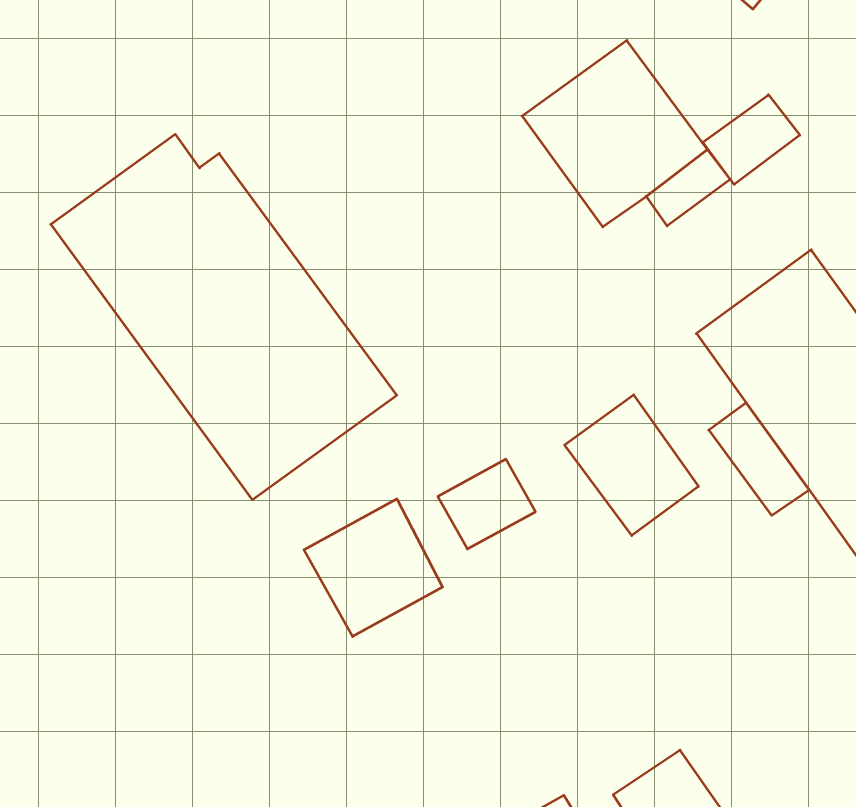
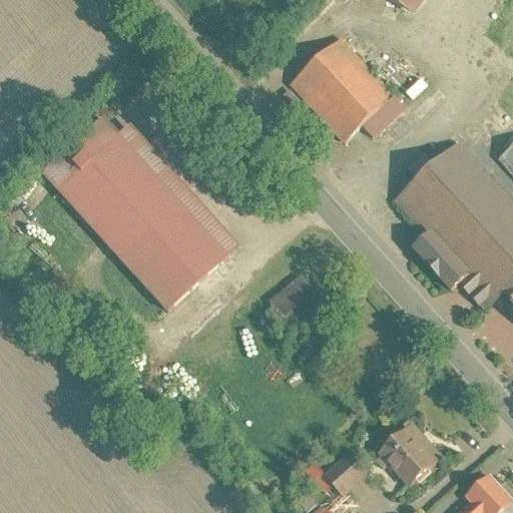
building: [703,95,800,184] -> none
building: [565,395,698,536] -> none
building: [304,499,443,637] -> none

